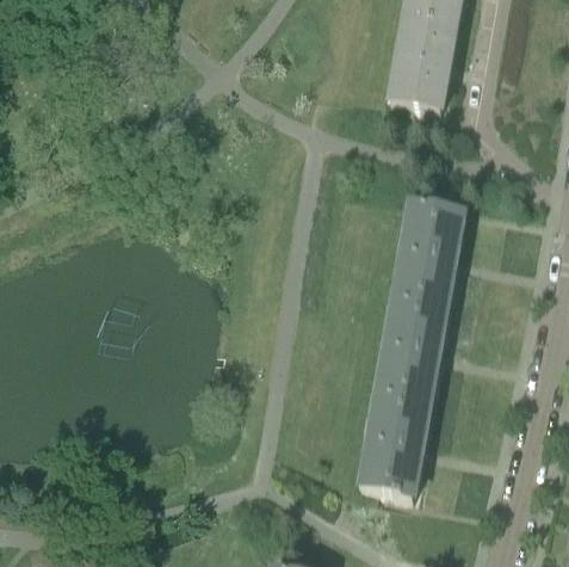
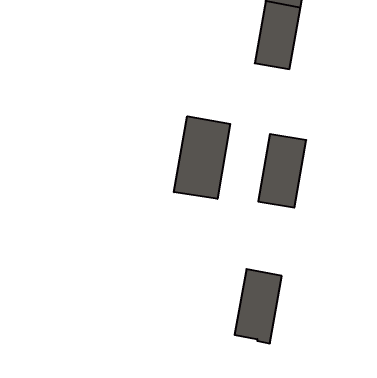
building: none -> [174,116,230,199]
building: [378,292,446,397] -> none

